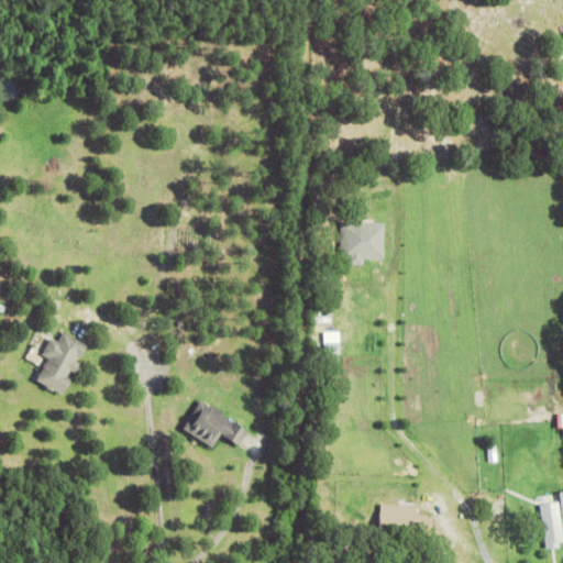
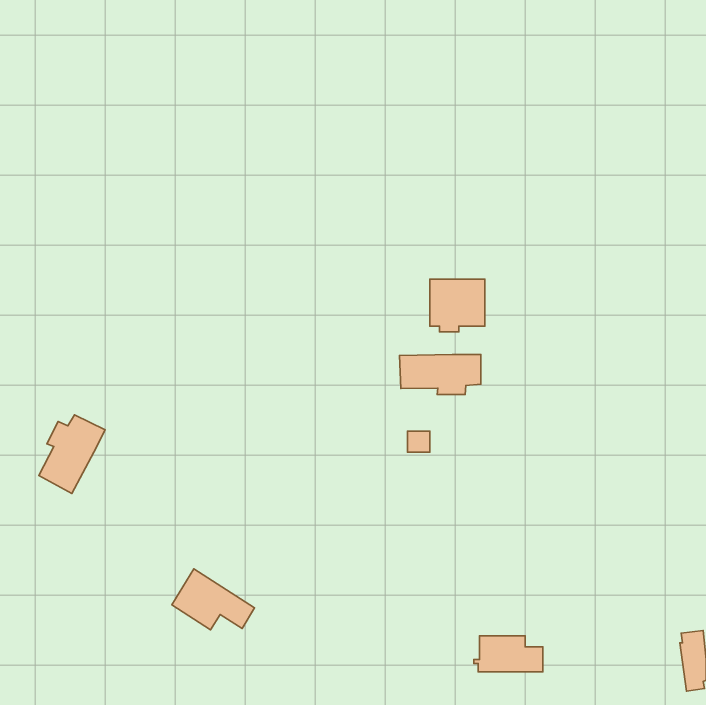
building: none -> [399,354,481,395]
building: [178,397,244,445] -> [172,569,255,630]

